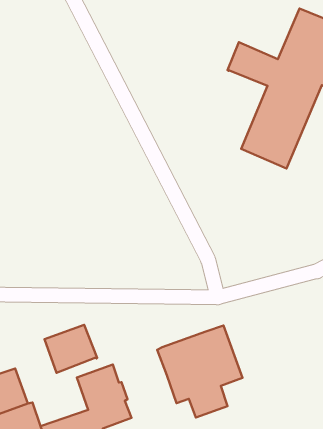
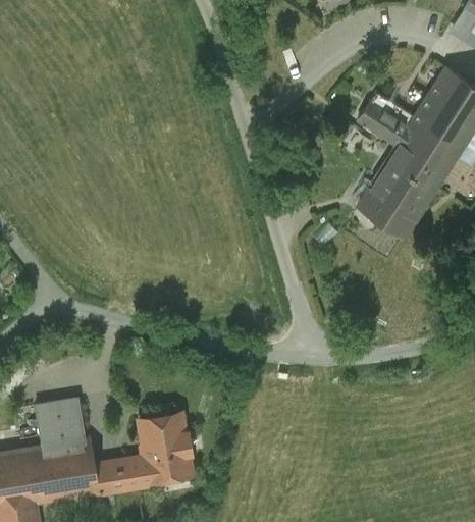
building: [44,325,97,373] -> none
building: [157,325,242,417] -> none

